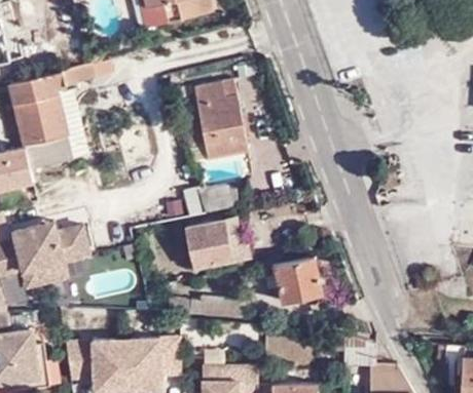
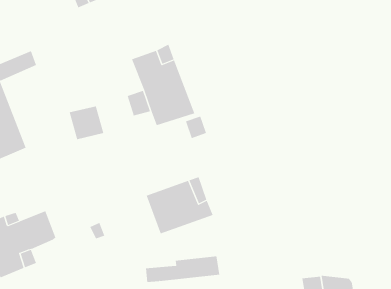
building: [194,186,235,214] -> none
building: [272,259,321,302] -> none

